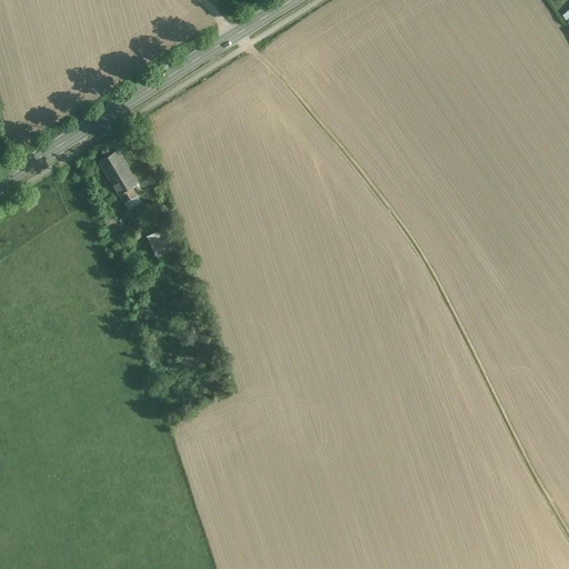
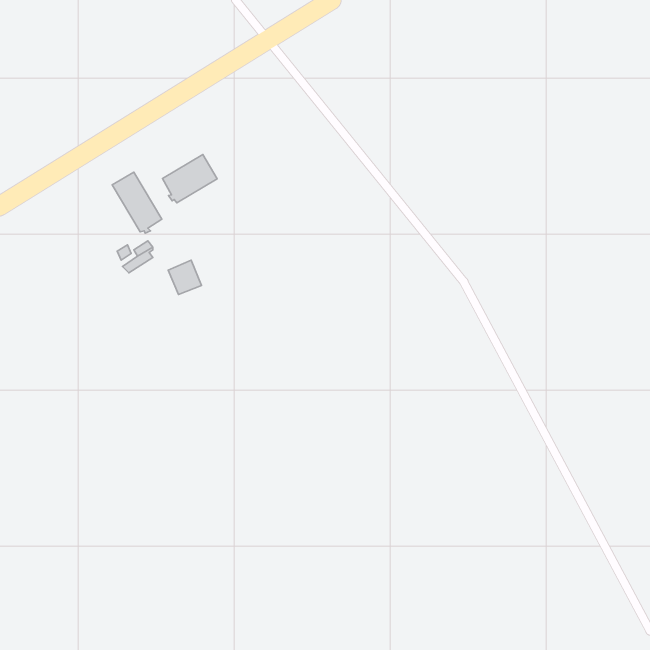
building: none -> [162,155,217,203]

